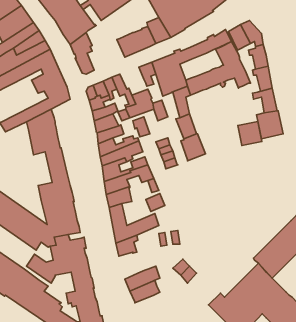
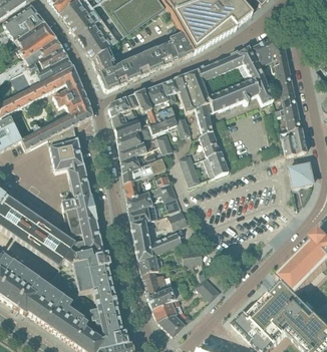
building: none -> [109,53,147,84]
building: none -> [144,81,171,109]
building: [238,122,262,145] -> [289,161,313,186]
building: none -> [141,268,168,295]
building: none -> [157,311,192,334]

